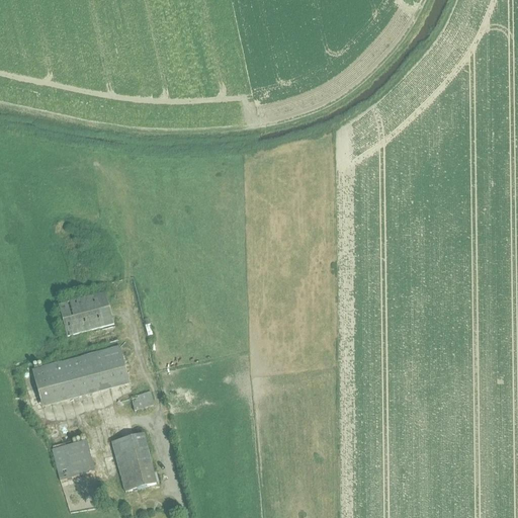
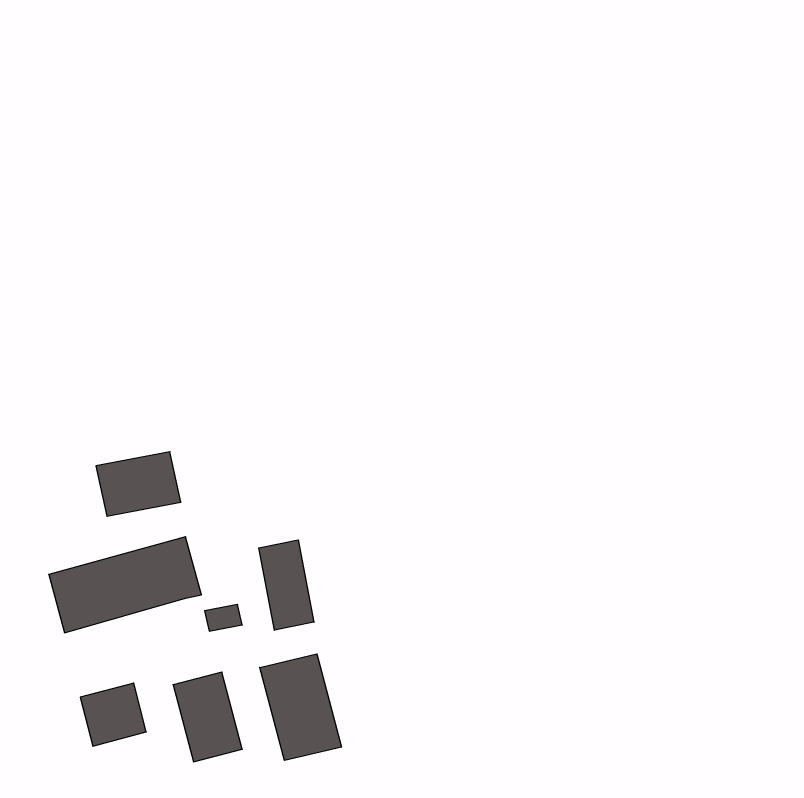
building: none -> [259,540,314,630]
building: none -> [260,654,342,760]

